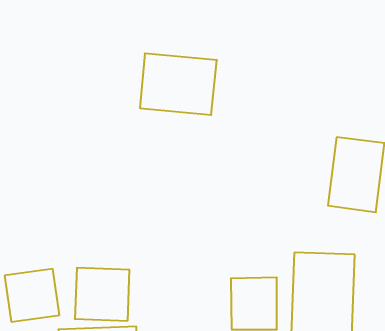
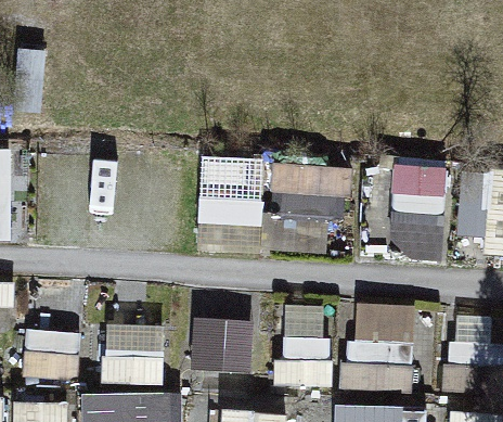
building: [140,53,217,115] -> [267,162,353,231]
building: none -> [185,311,255,374]

